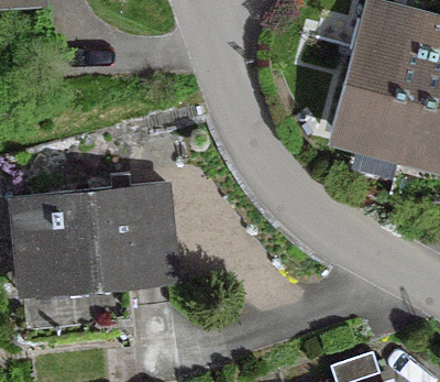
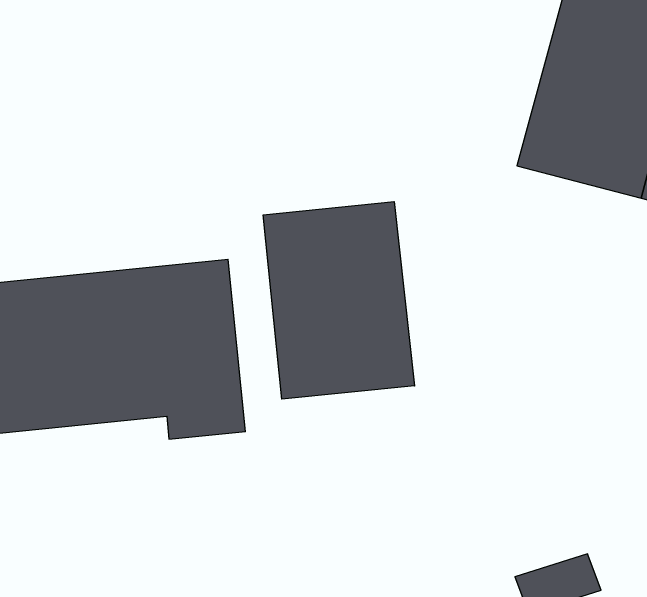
building: none -> [263,202,415,399]

